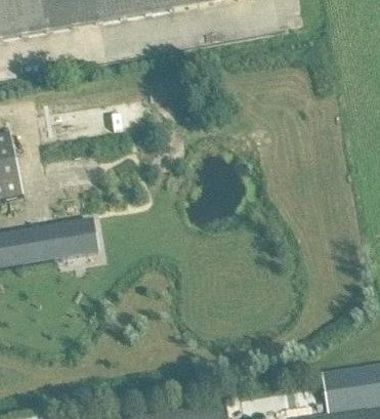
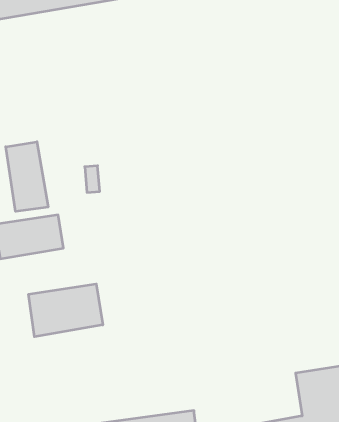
building: none -> [6,142,48,211]
building: none -> [29,284,103,337]

